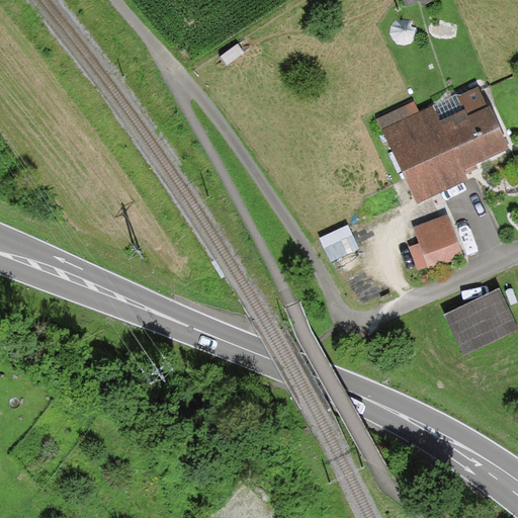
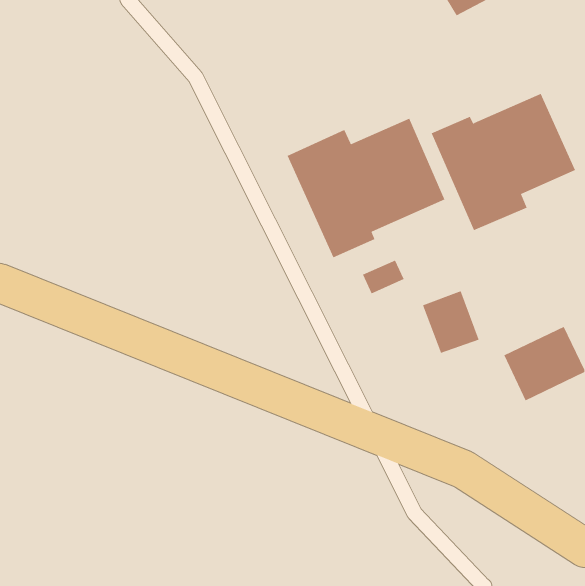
building: none -> [287,118,445,258]
building: [414,212,464,268] -> [422,290,480,354]

